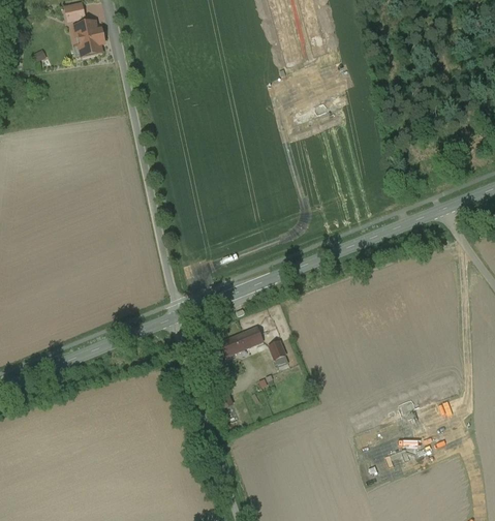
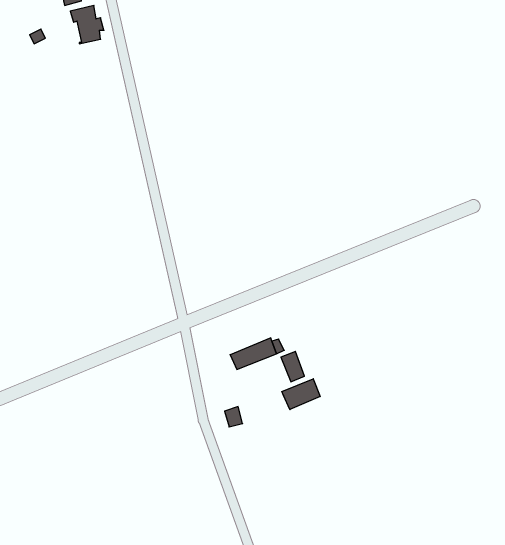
building: none -> [282,379,320,410]

